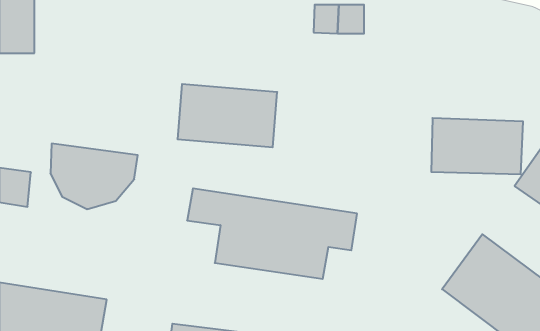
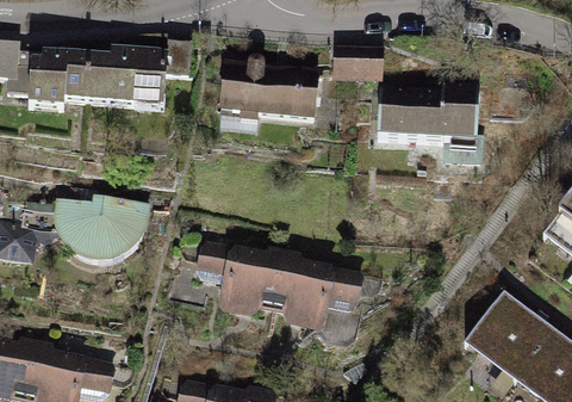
building: none -> [46,45,182,112]
building: [177,84,277,147] -> [211,56,315,122]
building: [431,118,523,174] -> [375,86,471,144]

